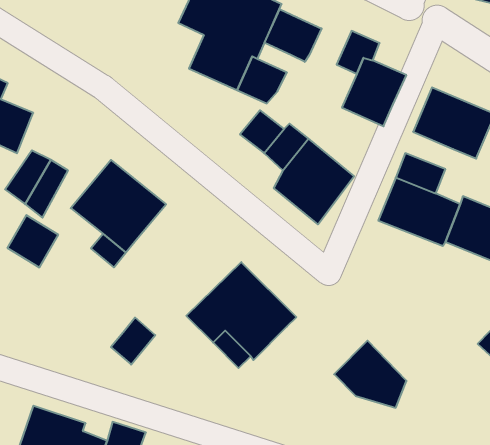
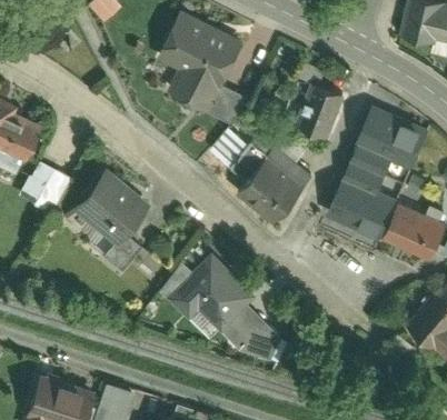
building: [265,9,322,62] -> none
building: none -> [348,147,388,178]
building: [8,215,58,268] -> none
building: [111,318,155,365] -> [107,234,143,273]
building: [334,341,407,408] -> [222,308,282,363]

